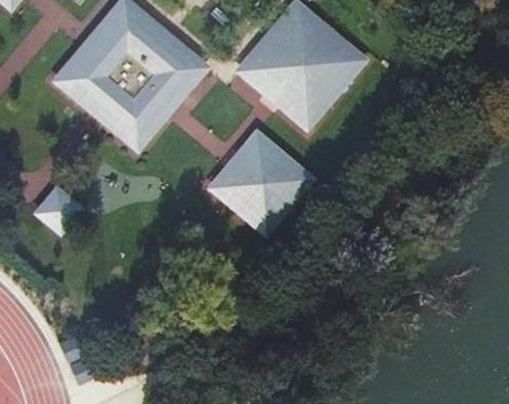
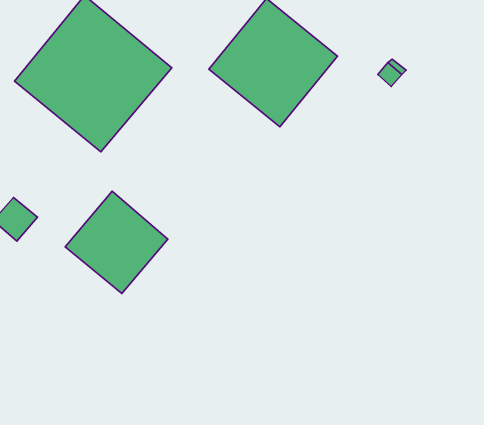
building: [213,132,309,228] -> [65,191,168,294]

